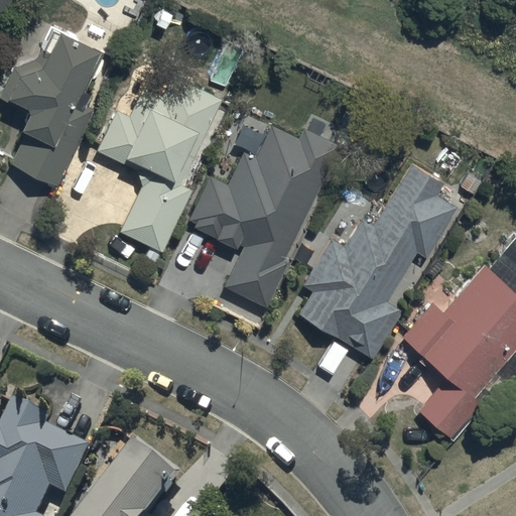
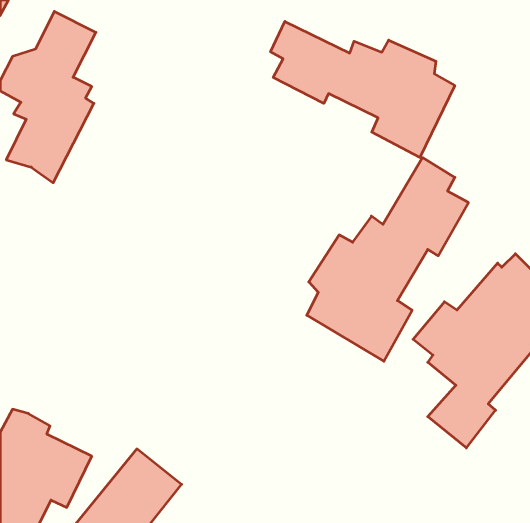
building: none -> [271,21,455,157]
building: [97,73,222,252] -> none
building: [188,118,337,306] -> none

